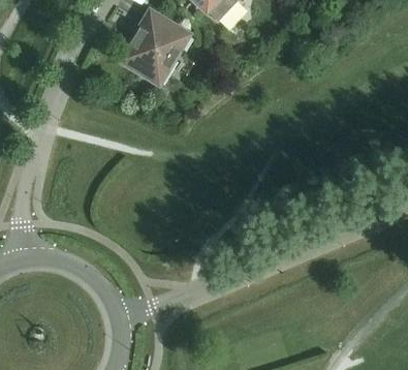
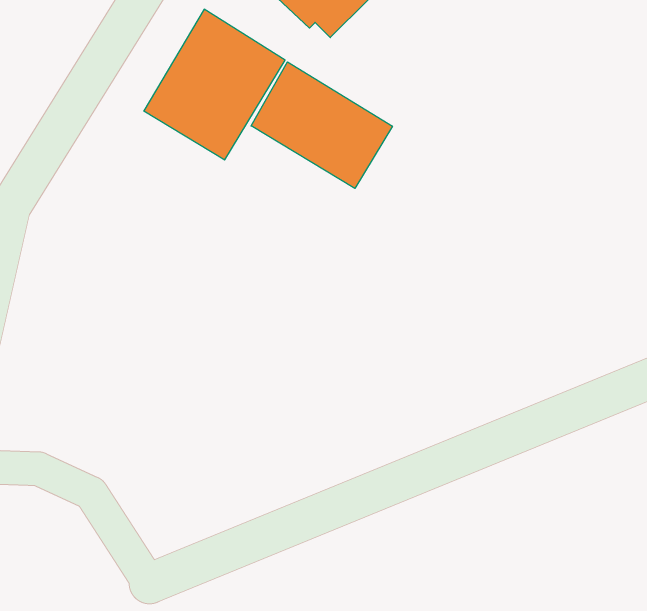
building: none -> [251,62,392,188]

